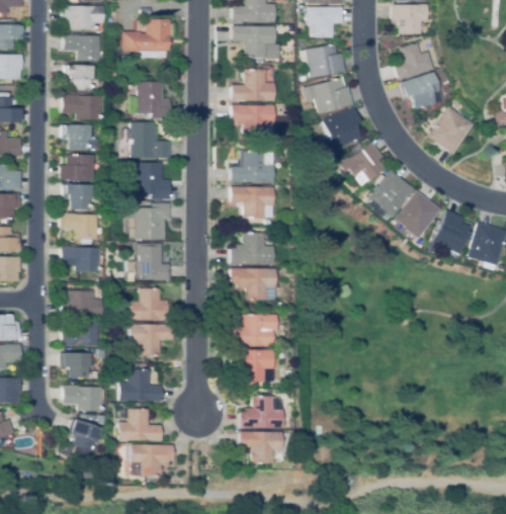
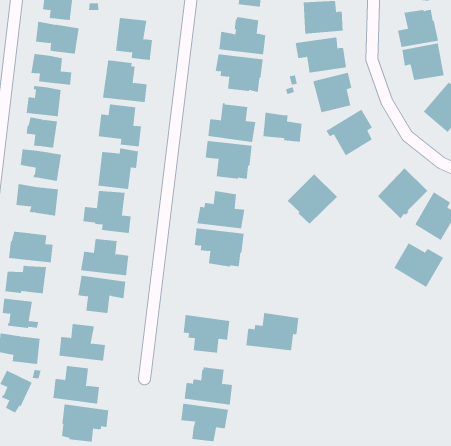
building: none -> [263,112,302,142]
building: [368,170,415,218] -> [287,173,338,224]
building: none -> [394,243,444,288]
building: [230,314,276,346] -> [245,312,299,351]

